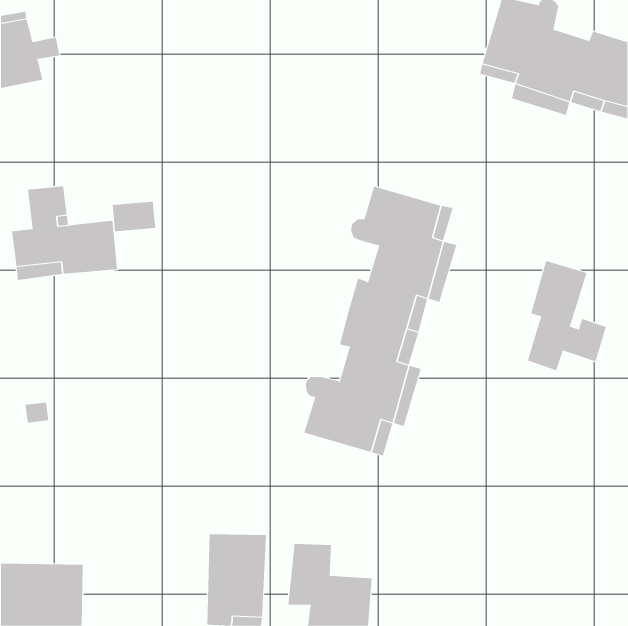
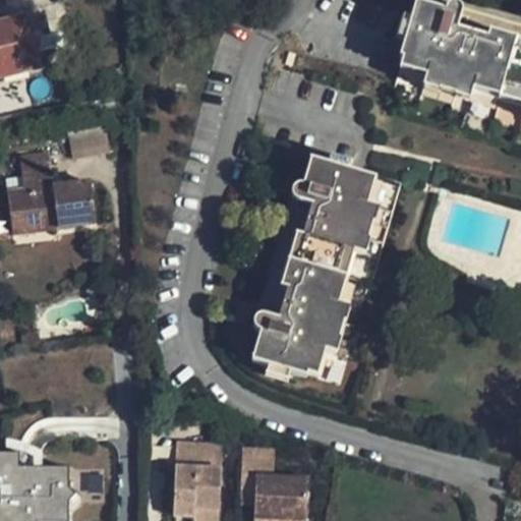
building: [112,201,156,232] -> [70,128,107,154]
building: [527,260,607,371] -> none

